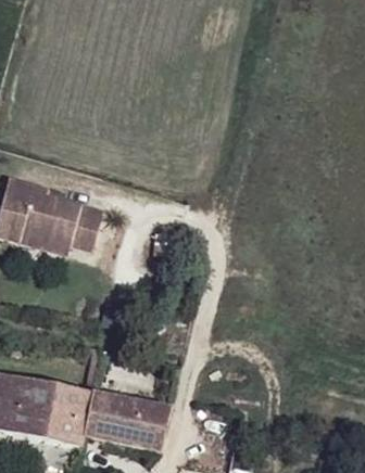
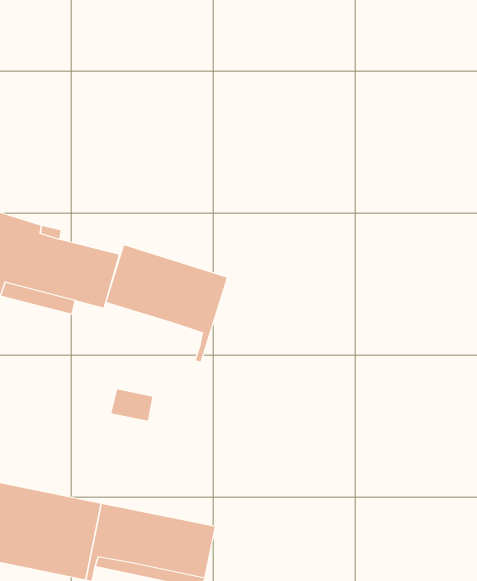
building: none -> [106,245,227,362]

